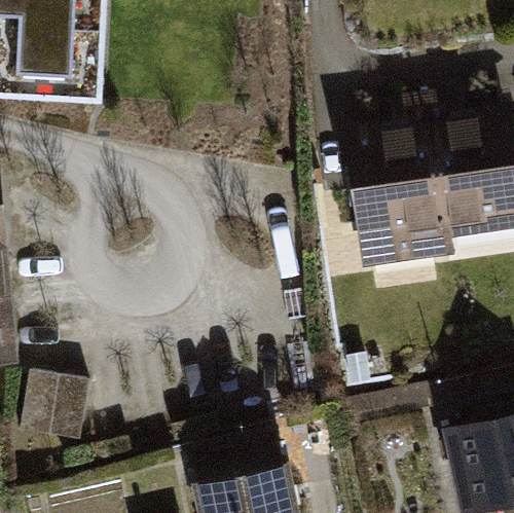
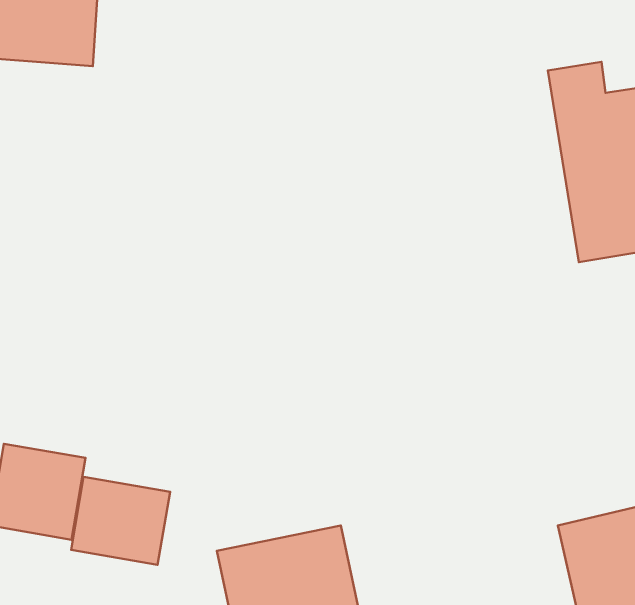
building: [343,100,455,273] -> none
building: none -> [71,477,170,565]

